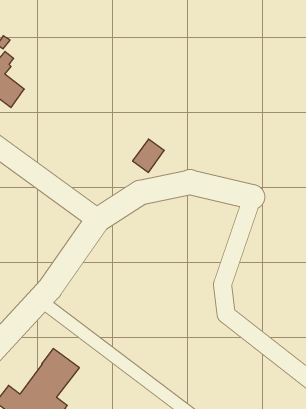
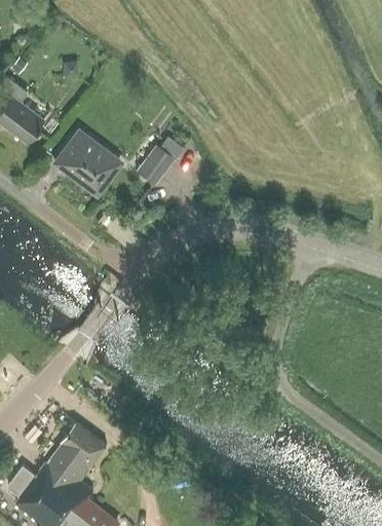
building: none -> [54,137,115,195]
building: [133,139,164,172] -> [136,146,173,185]

